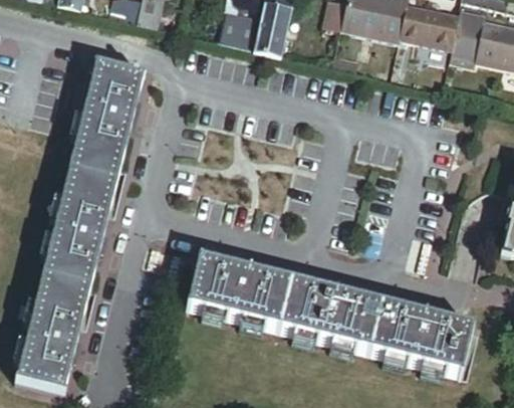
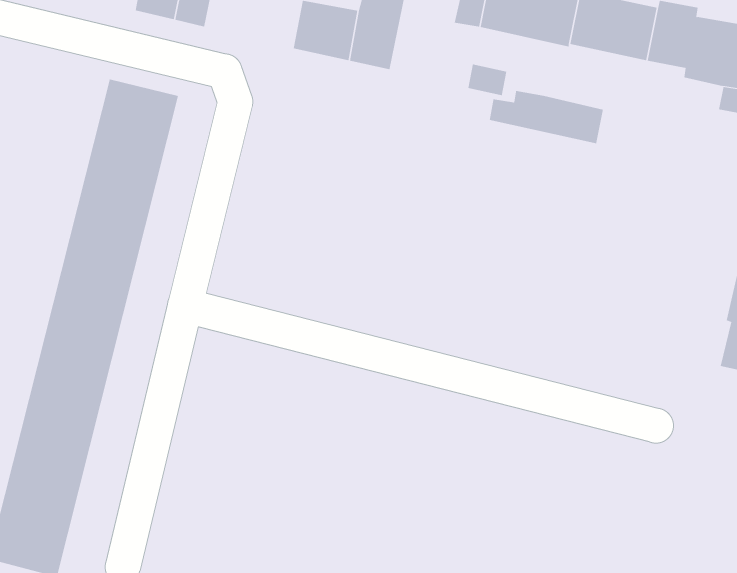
building: none -> [489,90,603,144]
building: [187,259,471,374] -> none

